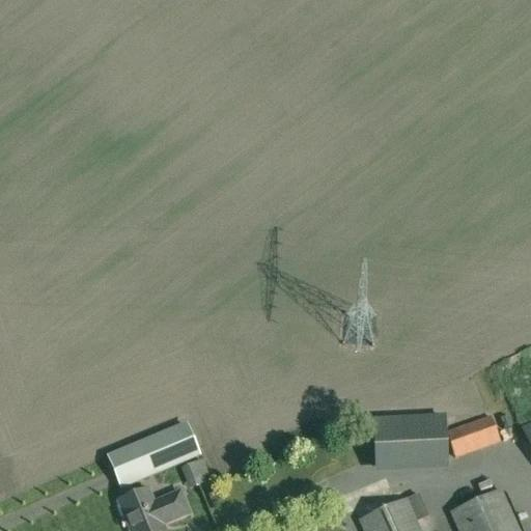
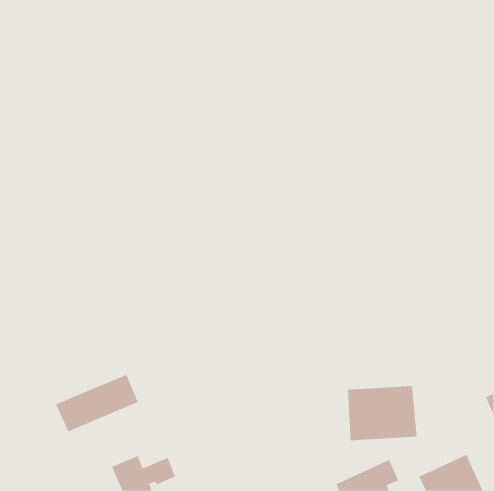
building: [446,415,500,456] -> none
building: [109,423,198,485] -> [55,374,138,432]

